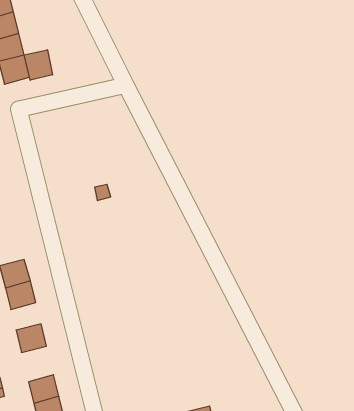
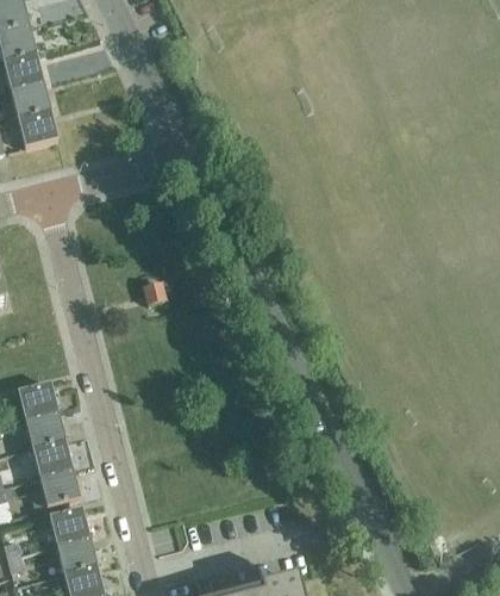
building: [24,50,52,80] -> none
building: none -> [32,440,73,477]
building: none -> [49,508,89,546]

